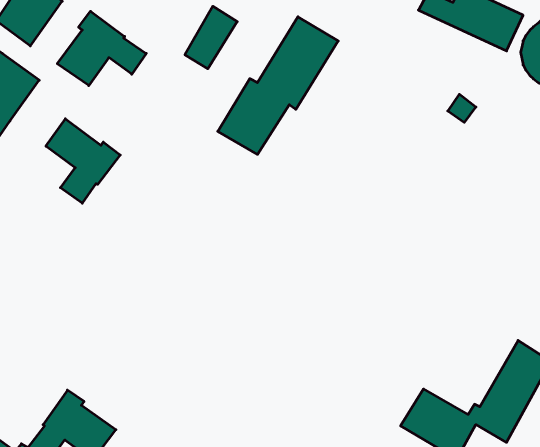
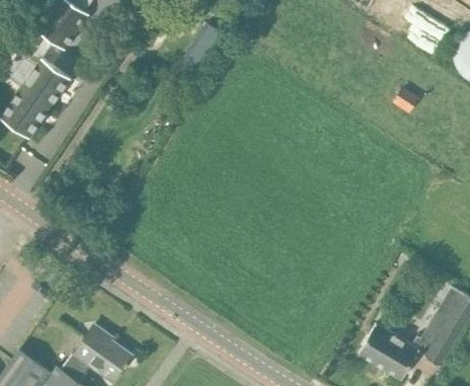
building: [57,11,146,86] -> none
building: [218,17,338,154] -> none
building: [46,119,120,203] -> none

